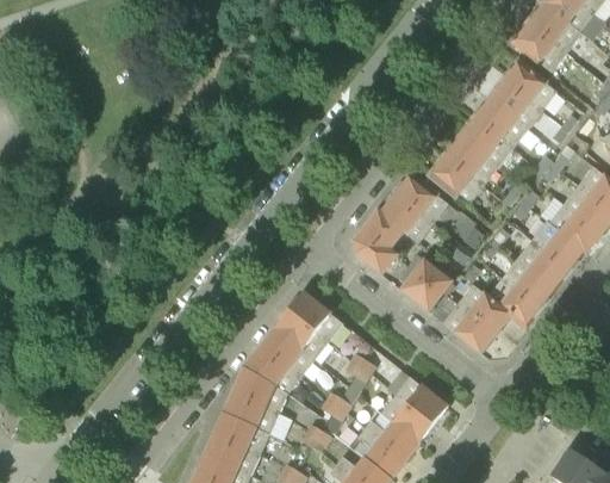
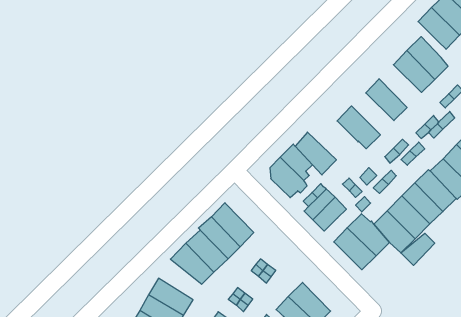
building: [473,98,527,148] -> none
building: [443,136,497,185] -> none
building: [393,173,447,222] -> none
building: none -> [401,233,435,265]
building: [232,366,286,413] -> none

